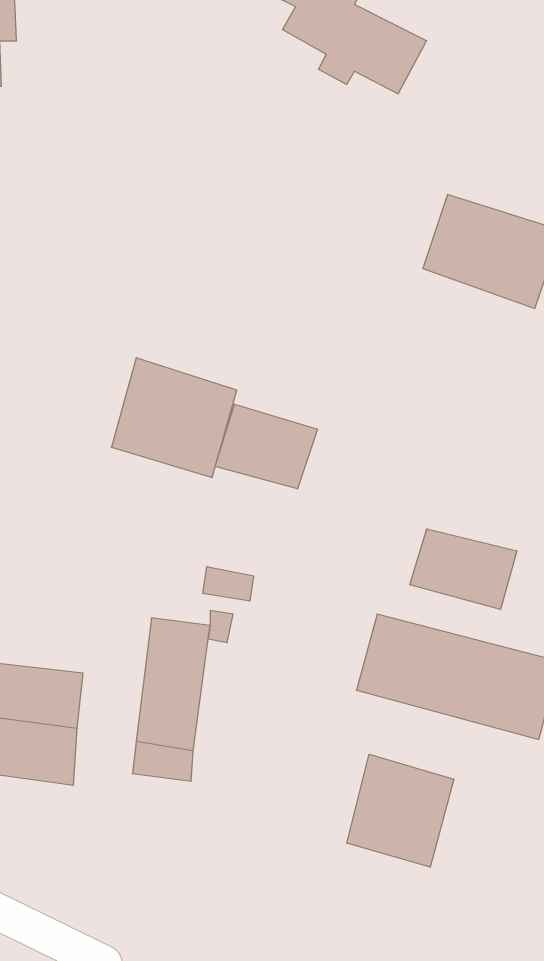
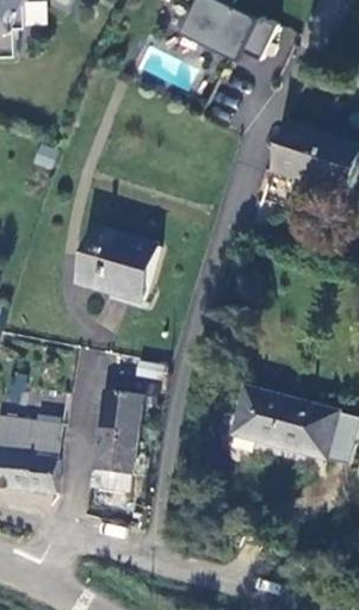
building: [215,404,317,489] -> none
building: [410,529,517,610] -> none
building: [347,754,454,867] -> none

